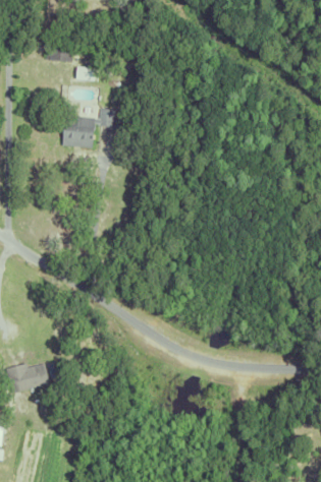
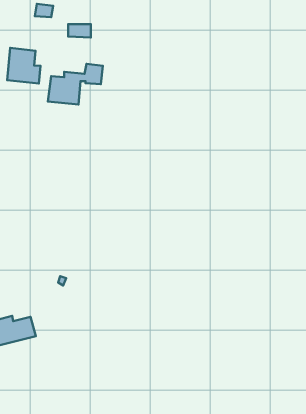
building: none -> [7,48,41,83]

